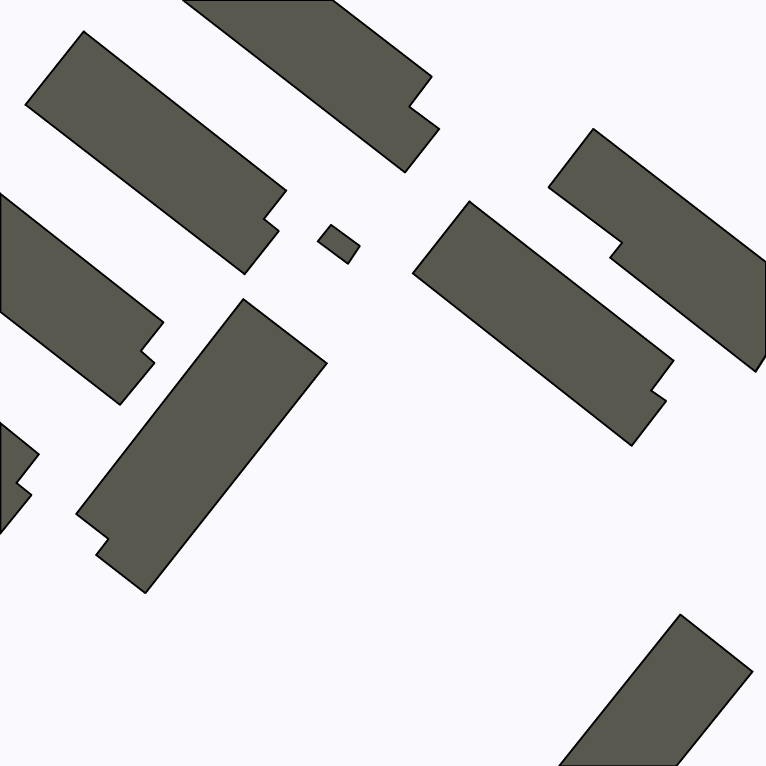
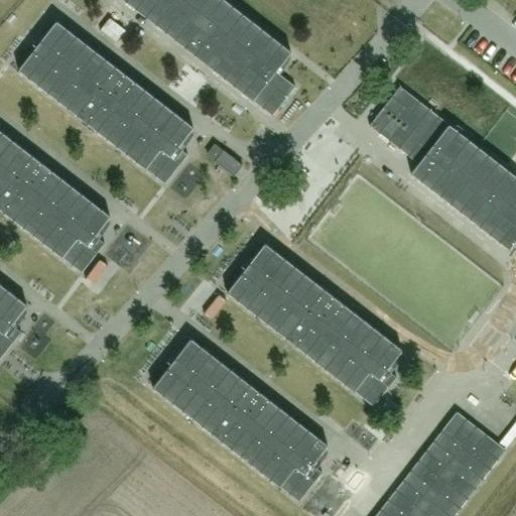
building: [413,201,674,446] -> [226,243,401,407]
building: [76,299,327,593] -> none
building: none -> [152,339,327,501]

